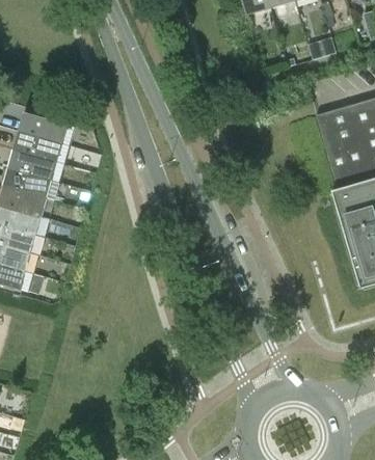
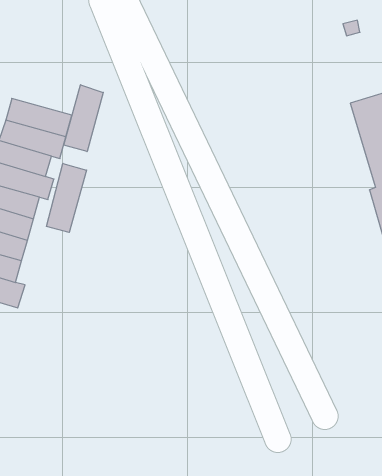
building: none -> [64,85,103,152]
building: none -> [47,163,87,232]

